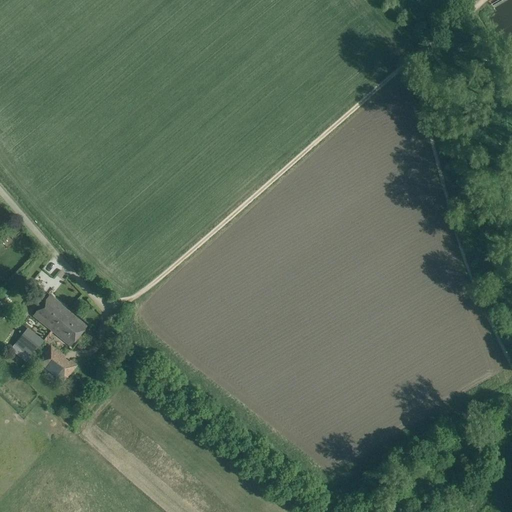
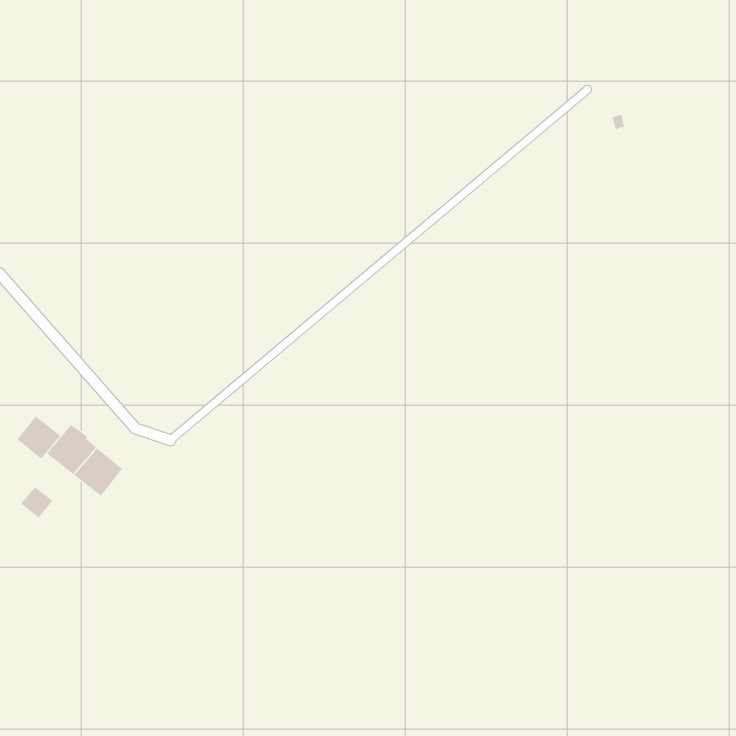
building: none -> [17,416,61,460]
building: [37,344,76,381] -> none

